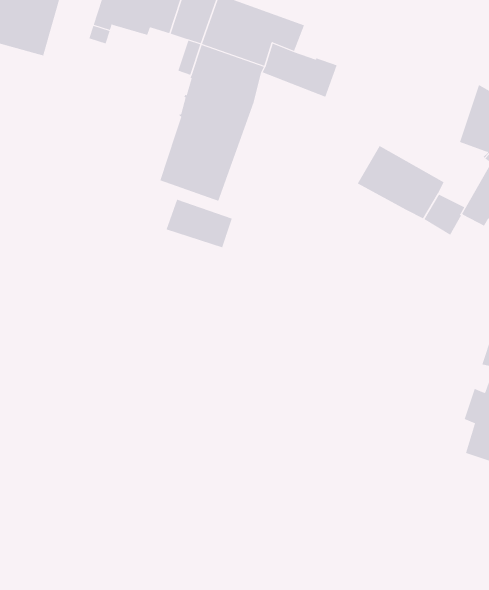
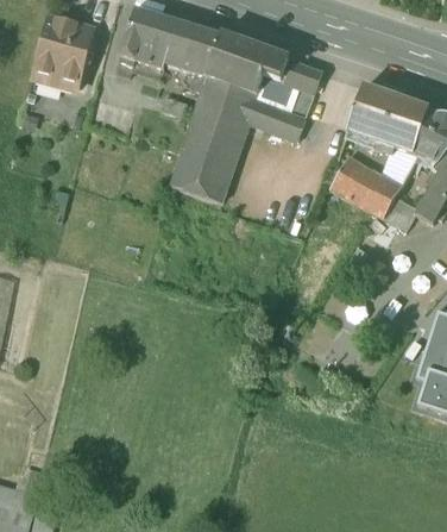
building: none -> [281,60,322,92]
building: none -> [347,86,428,154]
building: none -> [248,98,306,139]
building: [166,199,233,248] -> none

